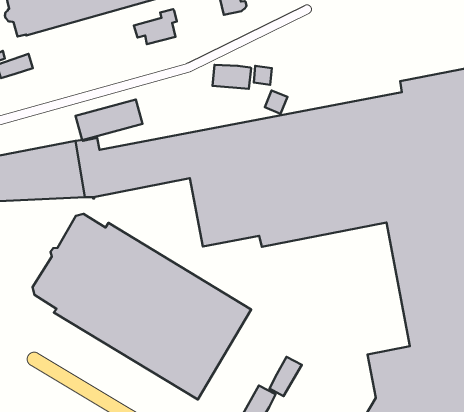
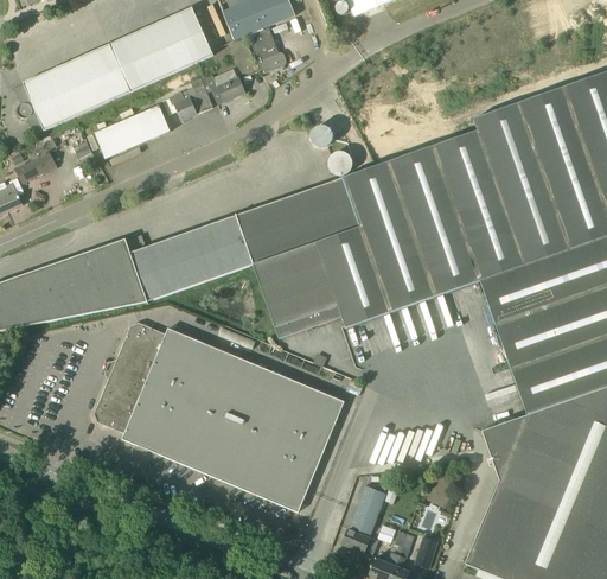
building: none -> [213,69,245,102]
building: [212,65,251,89] -> none
building: [75,100,143,140] -> [94,104,171,159]
building: [270,357,302,396] -> none

